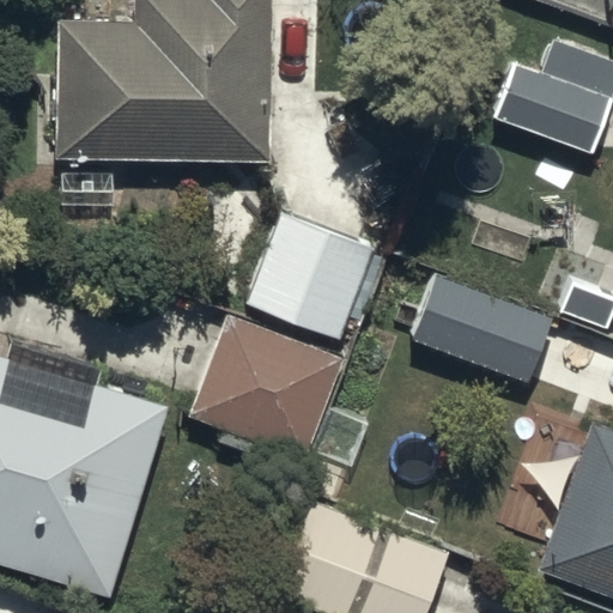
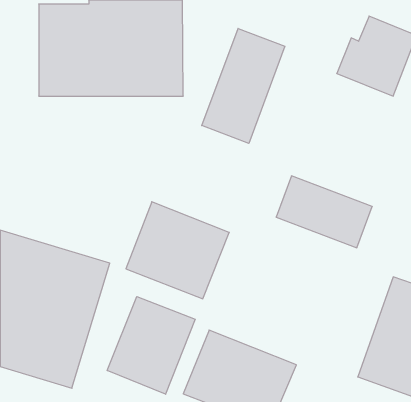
building: none -> [202,28,285,143]
building: [247,216,375,340] -> none
building: none -> [107,297,195,394]

